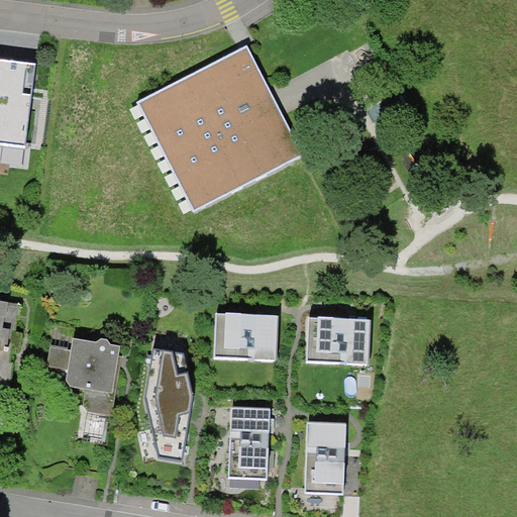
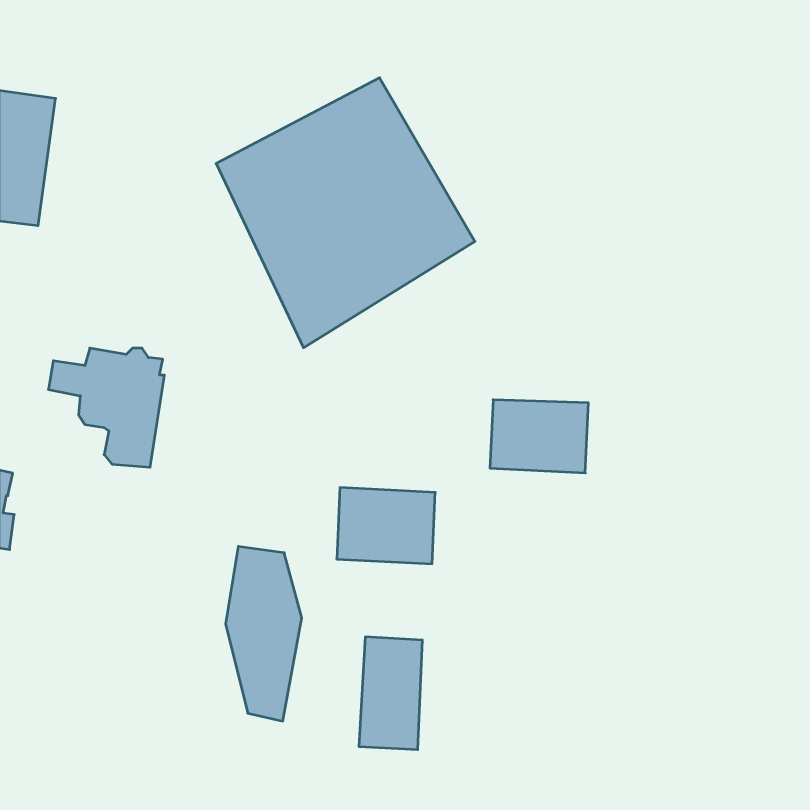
building: [307,316,370,363] -> [490,400,588,473]
building: [46,337,120,413] -> [48,348,164,467]
building: [304,420,344,492] -> none

